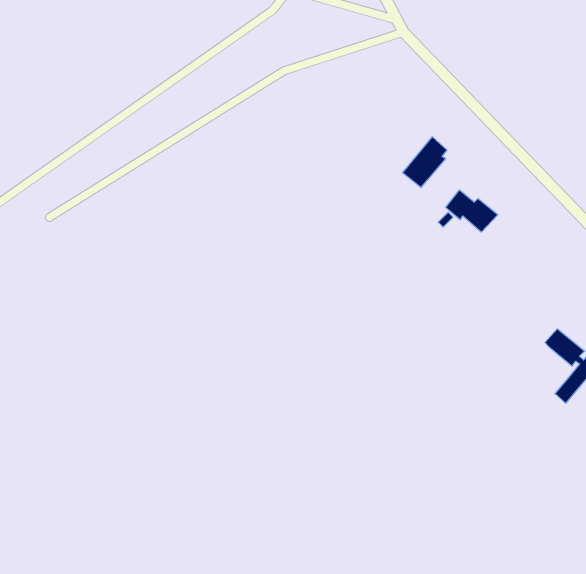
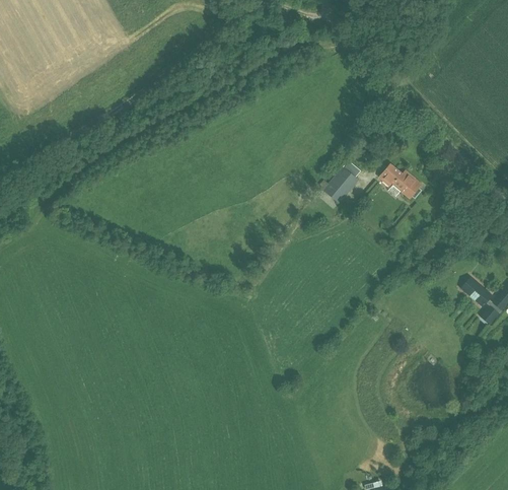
building: [402,137,447,188] -> [323,161,360,203]

